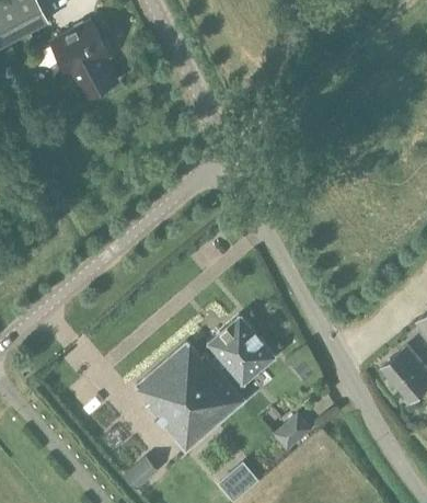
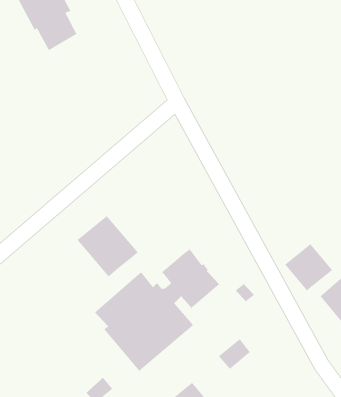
building: none -> [77,215,139,277]
building: none -> [284,243,333,292]

